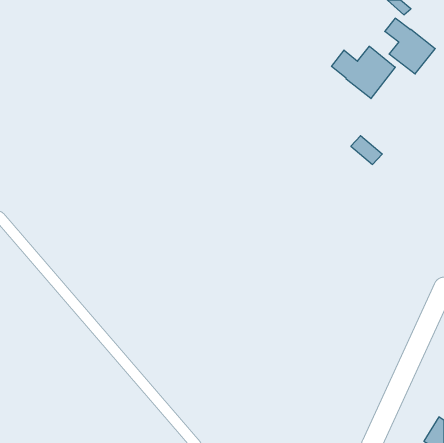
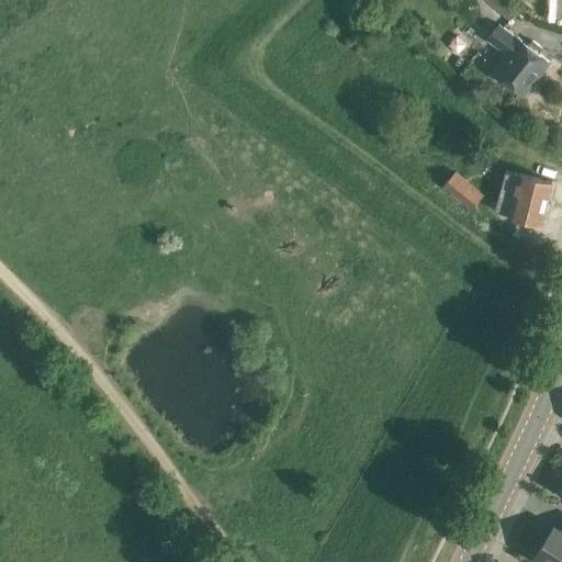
building: [332,46,395,99] -> none
building: none -> [493,171,552,225]

